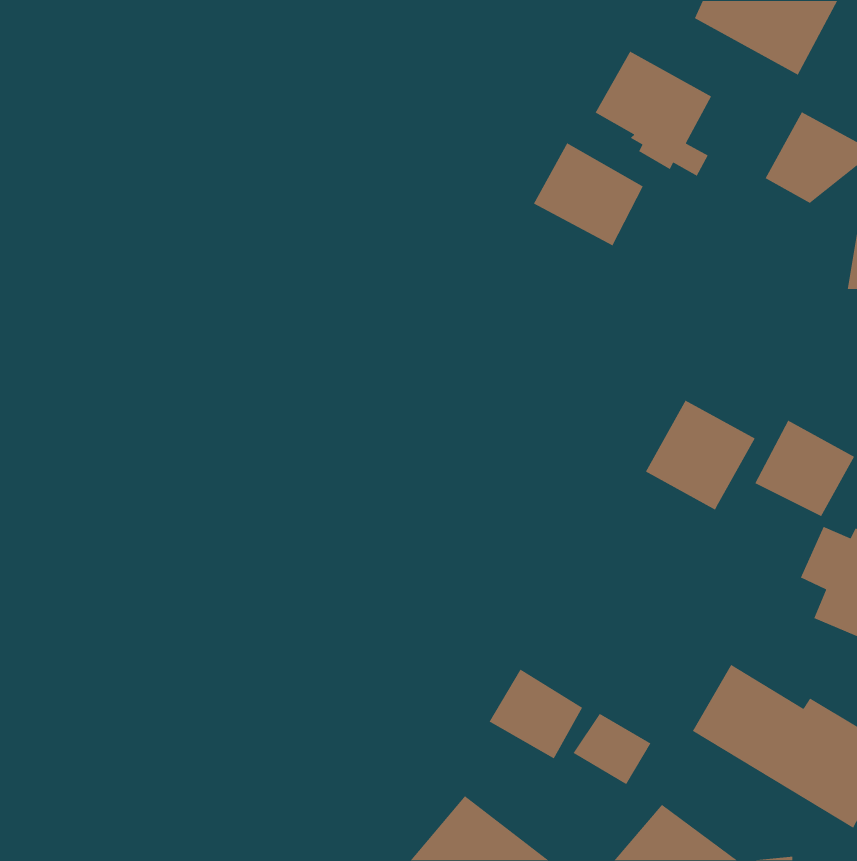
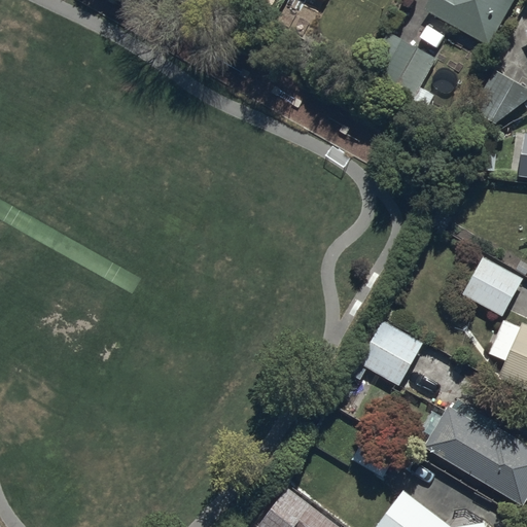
building: [533,142,644,246] -> none
building: [645,399,756,511] -> [358,318,426,386]
building: [488,668,583,759] -> none

